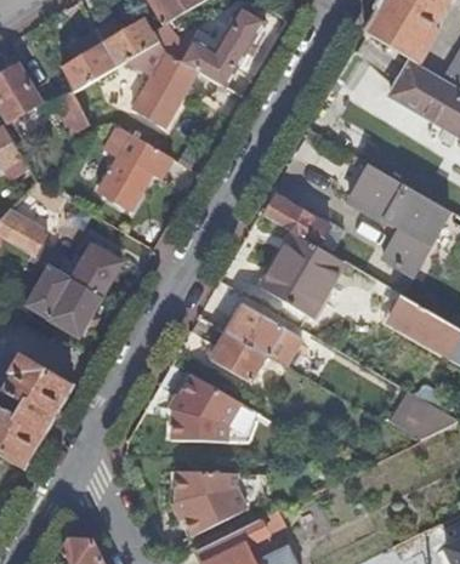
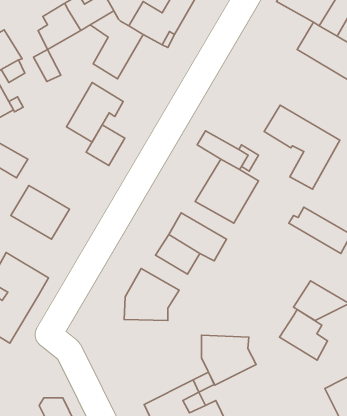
building: [72,245,121,297] -> [86,125,125,165]
building: none -> [280,309,327,360]
building: [176,469,246,534] -> [201,335,256,385]

